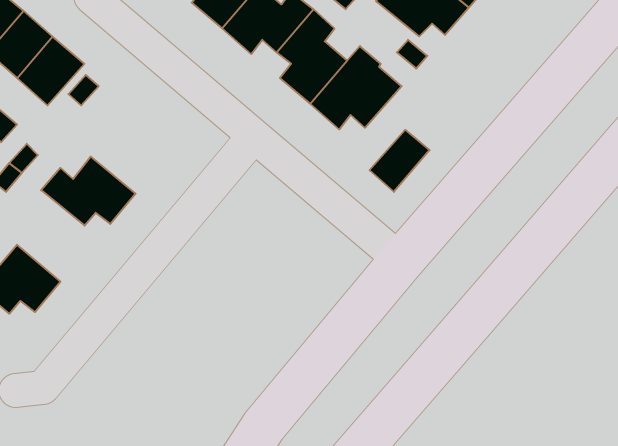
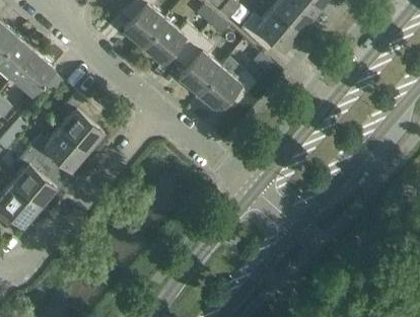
building: none -> [59,94,103,152]
building: [370,130,430,192] -> none
building: none -> [12,150,56,208]

